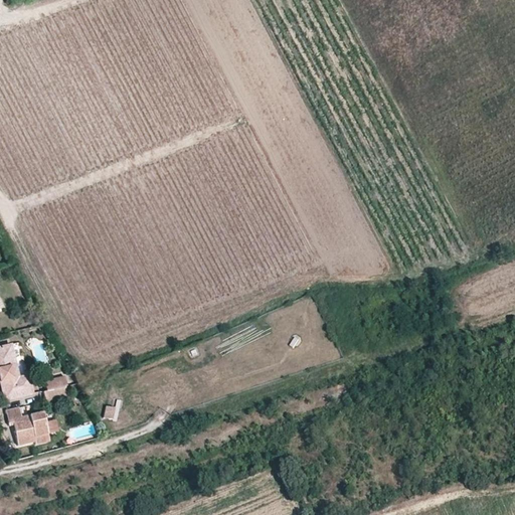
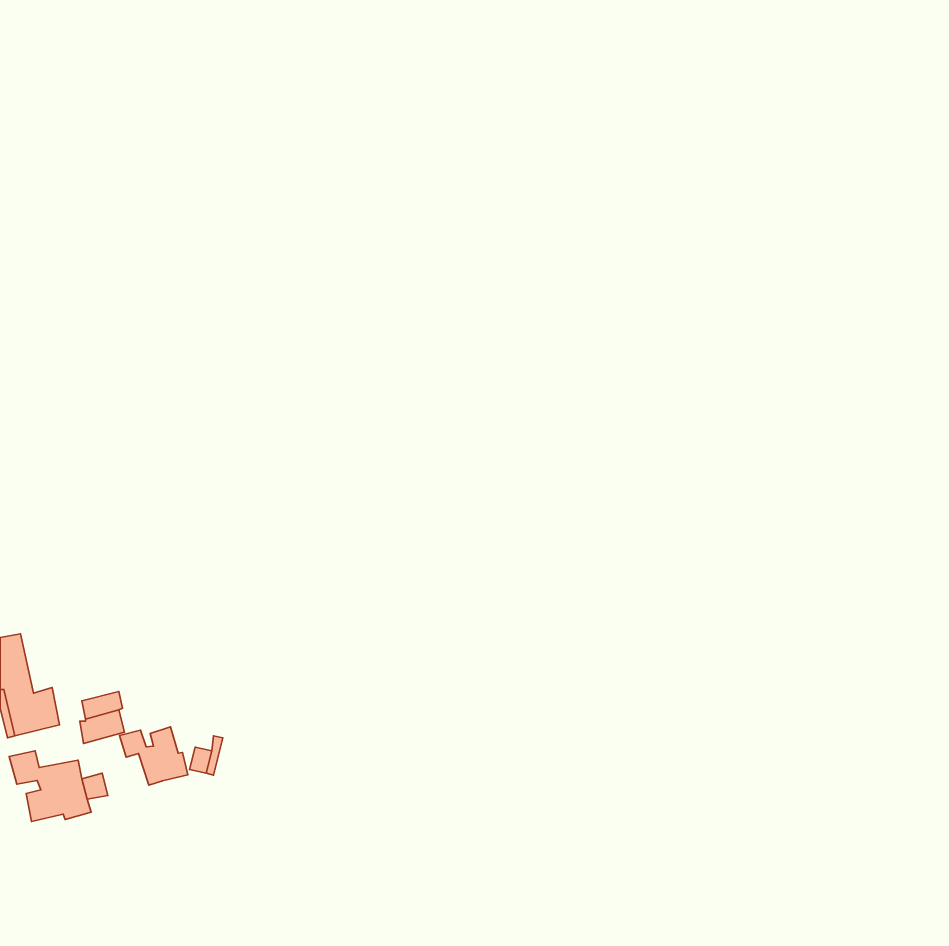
building: none -> [119,727,188,785]

